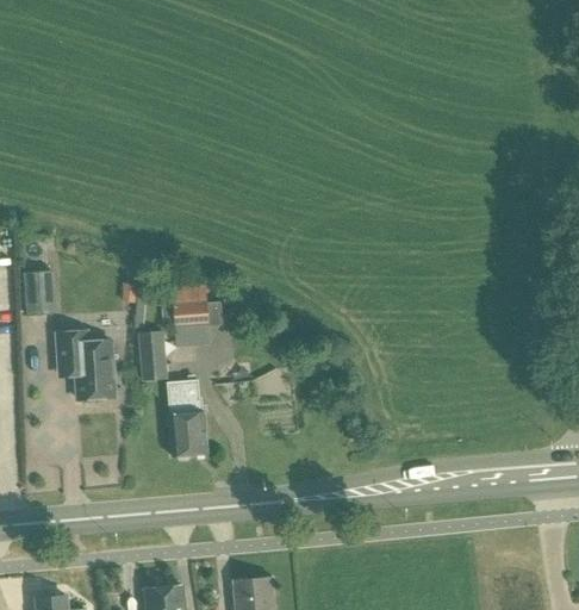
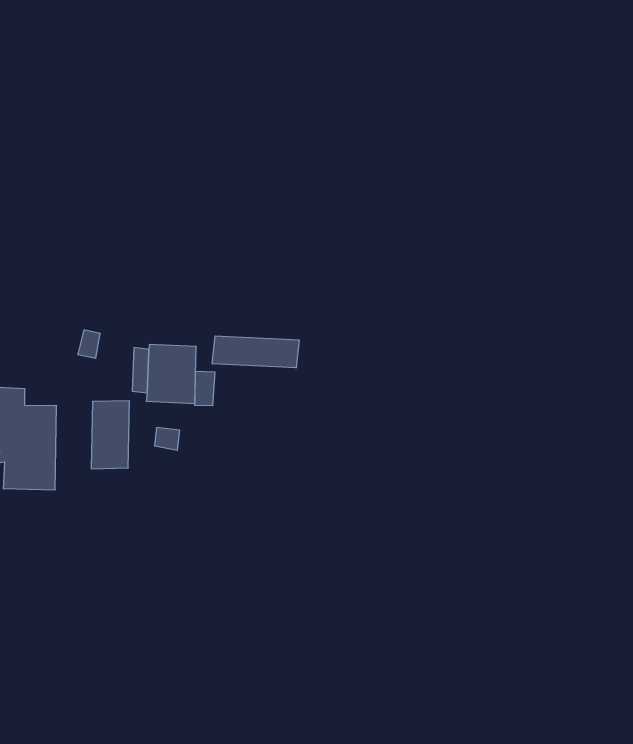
building: none -> [212,336,299,368]
building: [168,380,207,461] -> none

